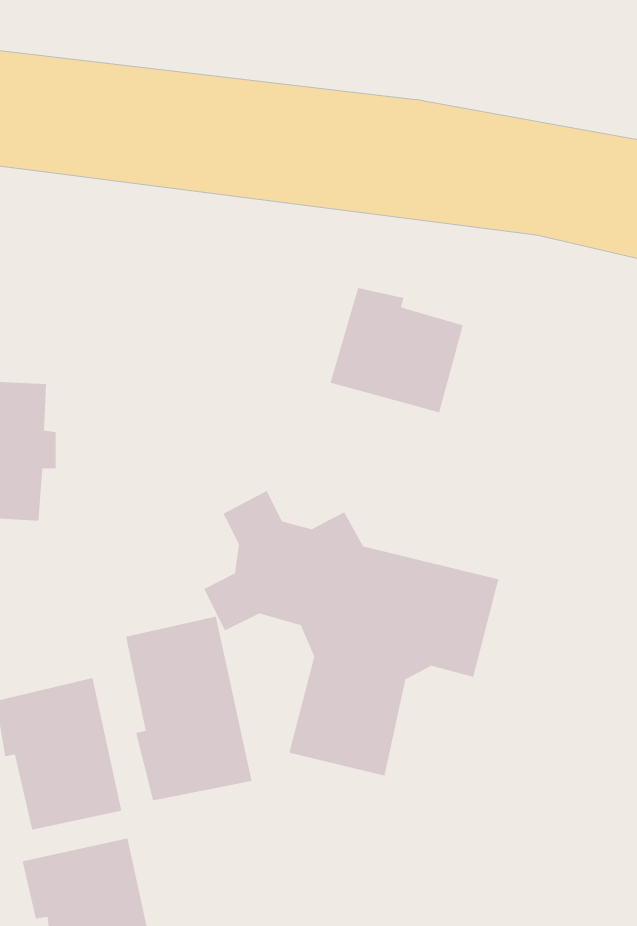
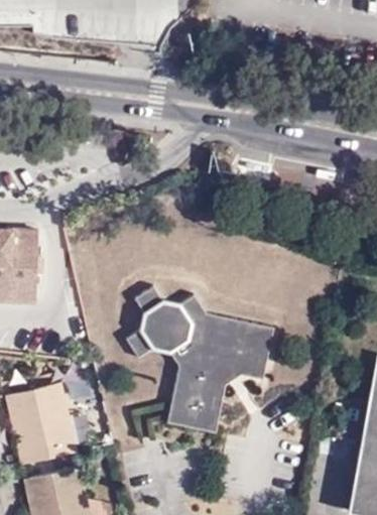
building: [330,287,463,413] -> none
building: [126,616,252,801] -> none

